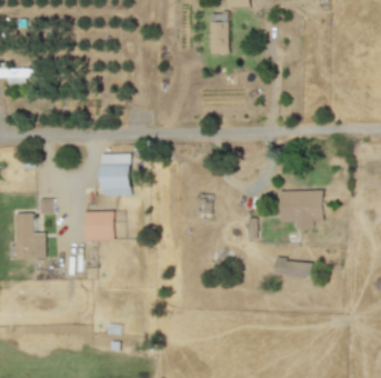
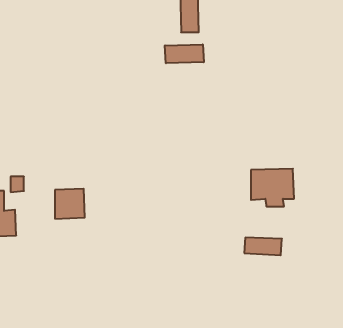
building: none -> [165,44,204,63]
building: [100,153,129,195] -> none

